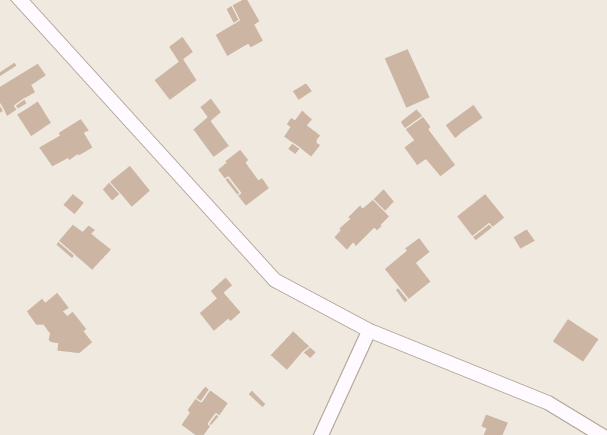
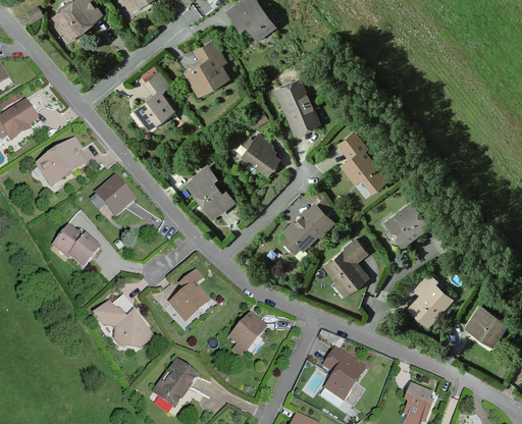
building: [384,48,430,109] -> [278,82,317,131]
building: [192,98,230,158] -> none
building: [16,100,52,137] -> none
building: [445,104,484,139] -> none
building: none -> [411,274,450,324]
building: [26,292,93,353] -> [96,298,152,349]
building: none -> [324,351,362,401]

